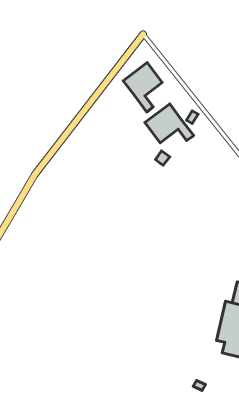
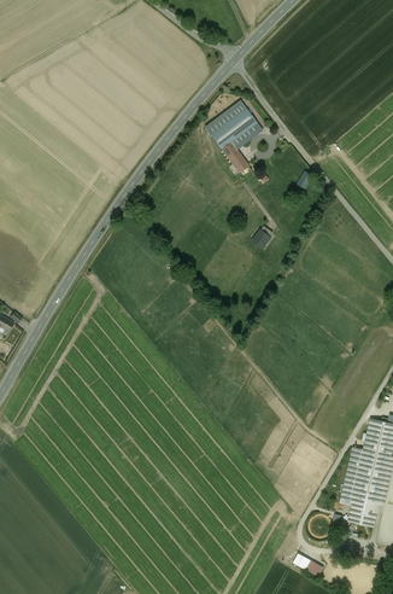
building: [145,104,193,143] -> none

